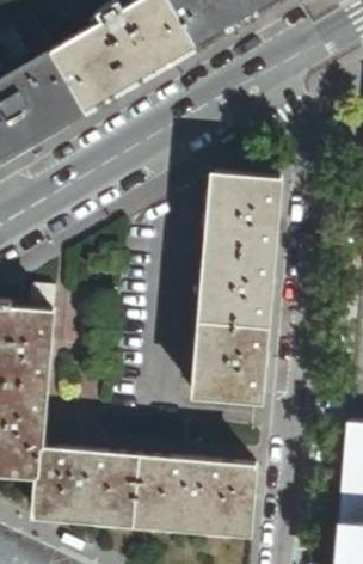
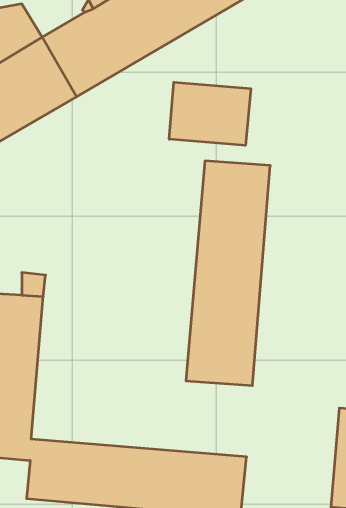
building: none -> [169,82,251,145]

